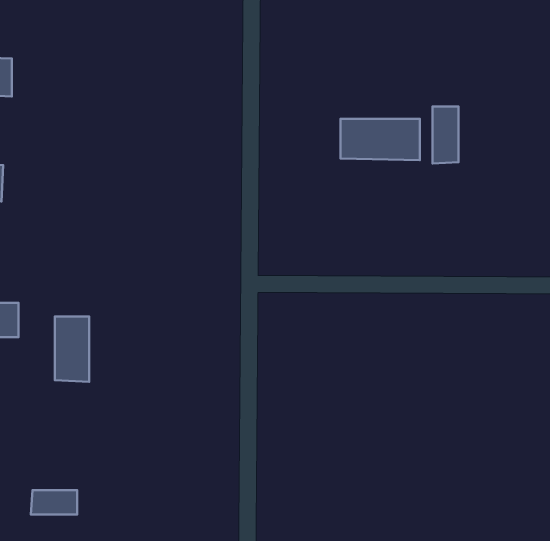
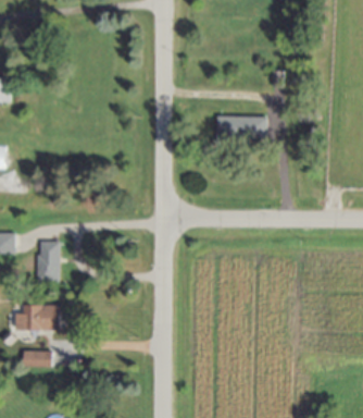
building: [433,107,459,164] -> none
building: none -> [14,304,60,330]

